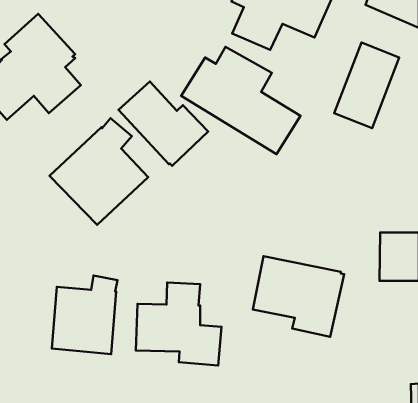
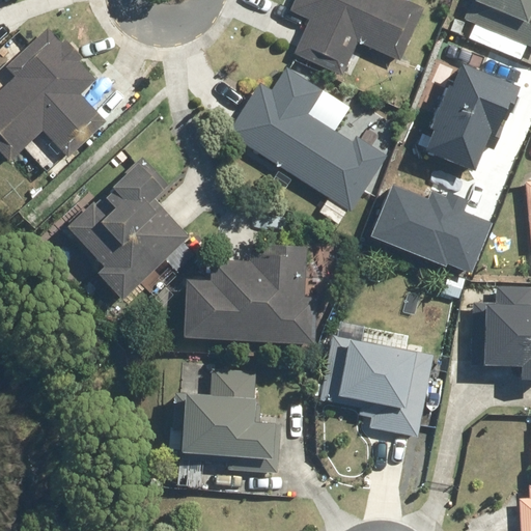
building: [119,81,208,166] -> none
building: none -> [371,181,492,273]
building: none -> [187,243,315,343]
building: [52,276,117,354] -> none

